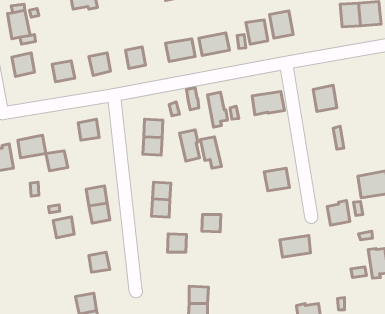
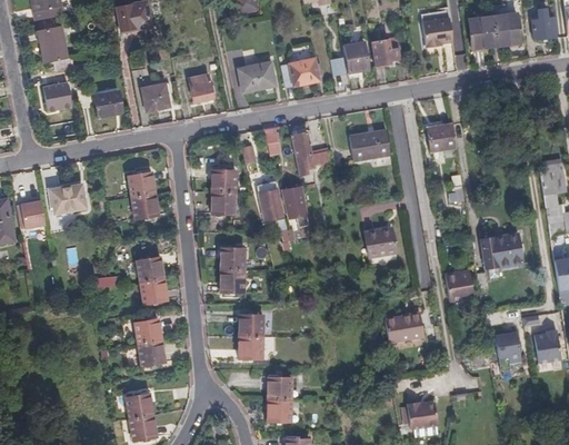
building: none -> [416,20,446,49]
building: [46,151,68,171] -> [131,189,159,215]
building: [202,215,221,232] -> [240,335,264,357]
building: [53,217,74,238] -> [137,313,163,339]

